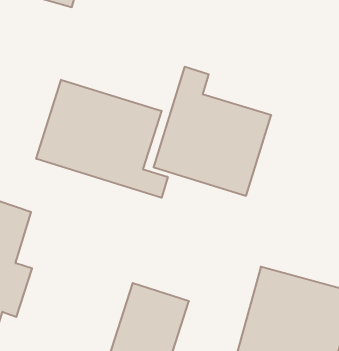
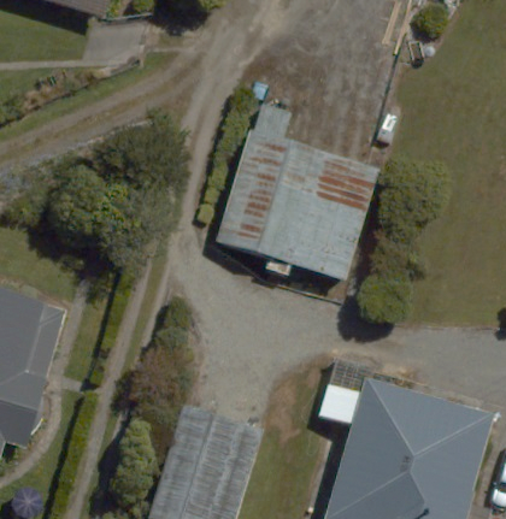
building: [36,80,168,198] -> none

